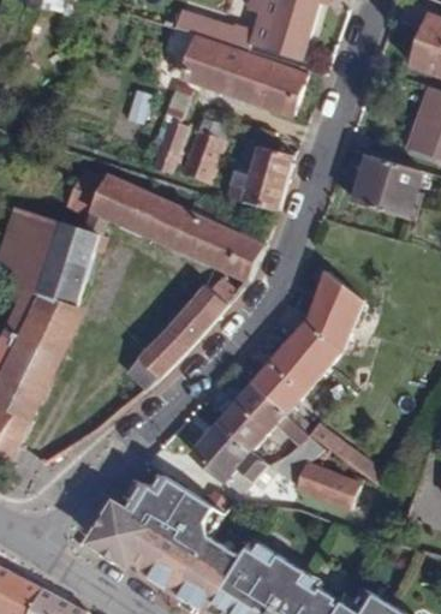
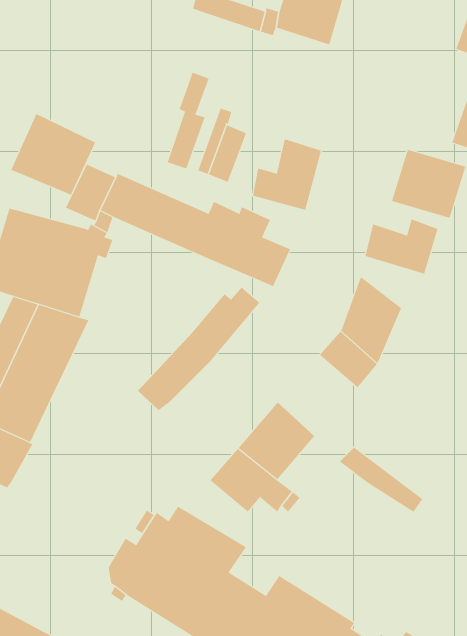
building: [181,40,304,115] -> none
building: none -> [10,113,96,196]
building: none -> [365,218,438,275]
building: [251,340,323,436] -> none
building: [296,463,359,508] -> none

